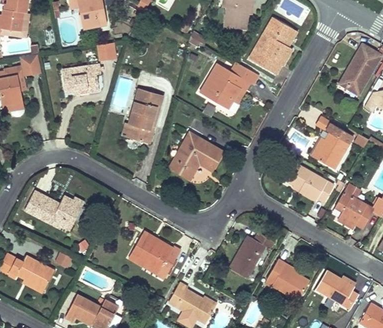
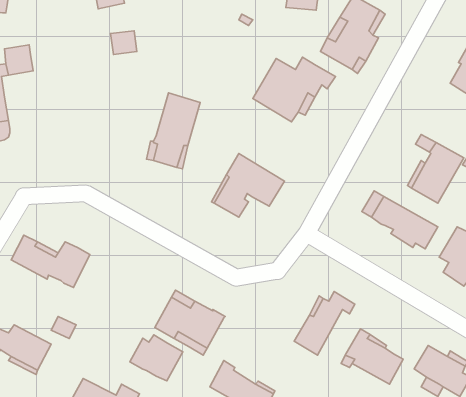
building: [62,64,101,90] -> none
building: none -> [130,335,183,381]

